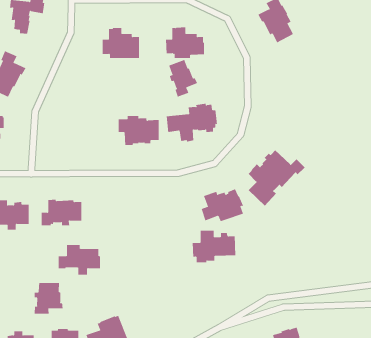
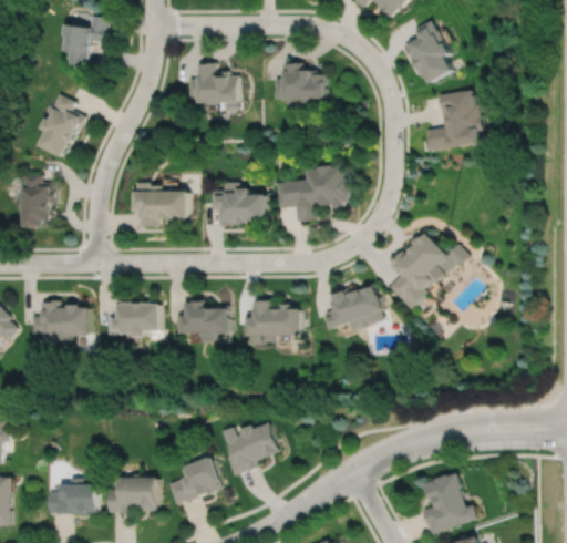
building: none -> [425,92,483,153]
building: [169,59,198,98] -> none
building: none -> [131,185,190,225]
building: [192,230,236,263] -> [244,298,305,342]
building: [58,244,101,275] -> [175,298,234,340]
building: [34,282,63,315] -> none
building: none -> [220,421,281,475]

